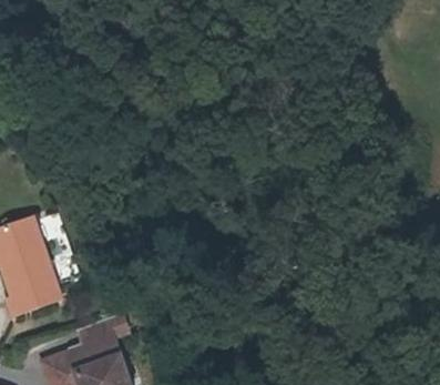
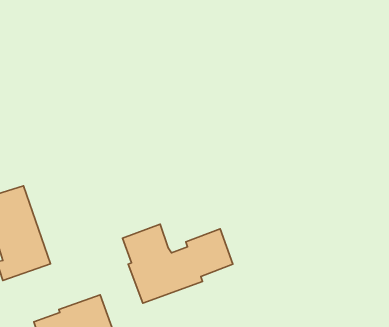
building: none -> [123,224,233,303]

